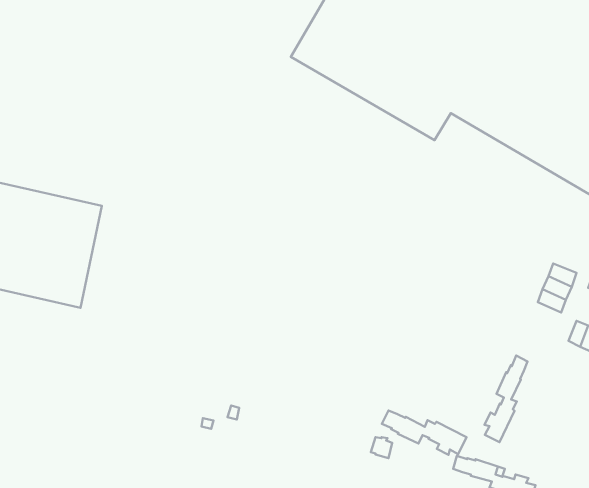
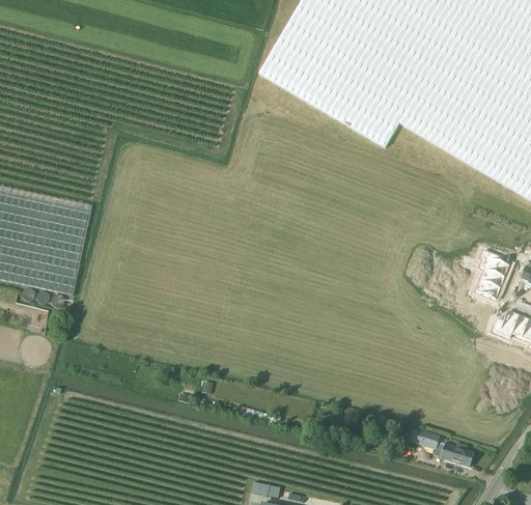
building: [485,356,528,442] -> none
building: [382,410,466,455] -> none

